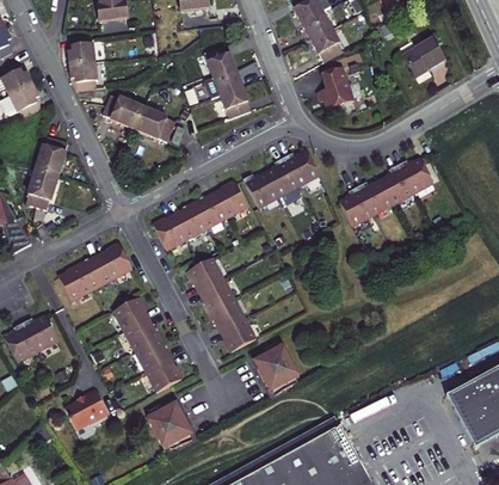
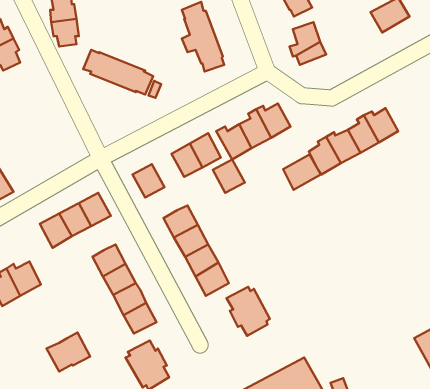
building: [25,137,67,210] -> none
building: [174,203,208,238] -> [213,160,245,193]
building: none -> [283,155,321,190]

